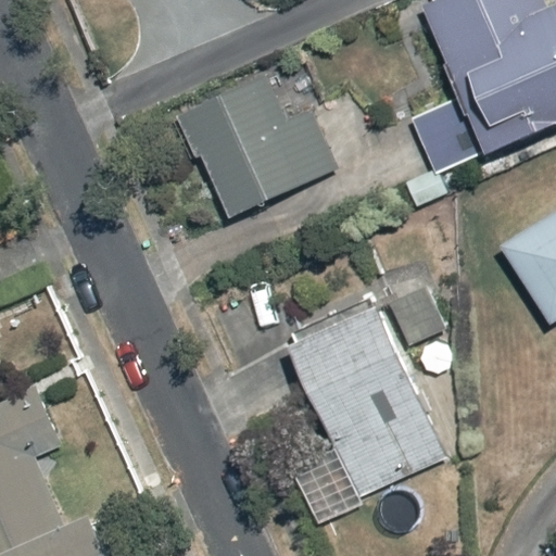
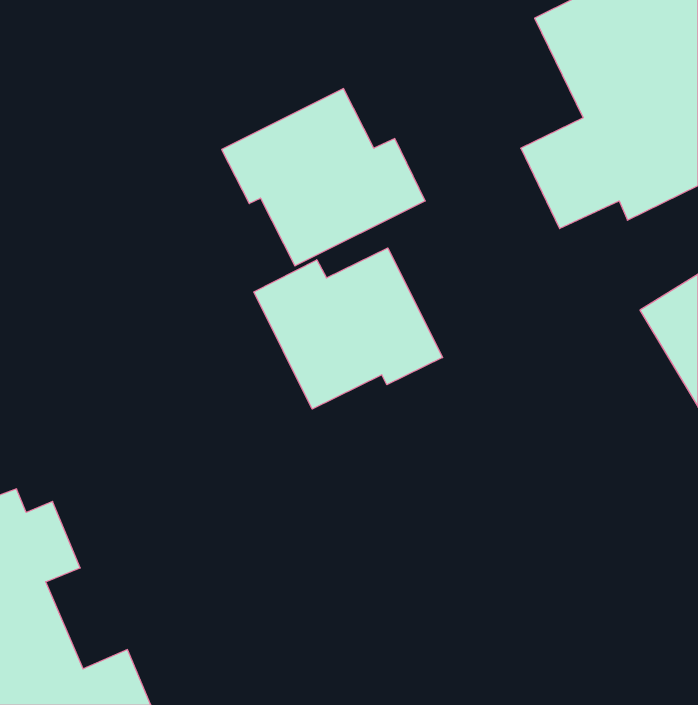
building: none -> [254,248,443,409]
building: [295,278,452,496] -> none

